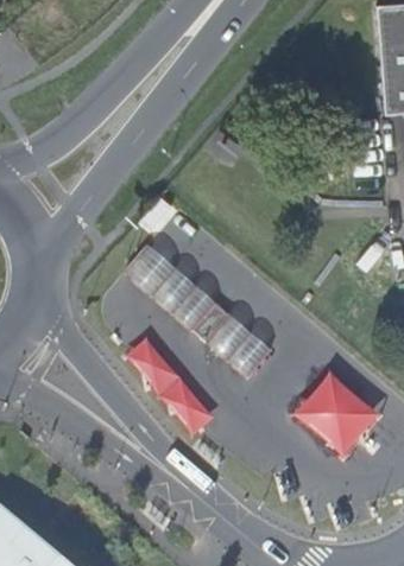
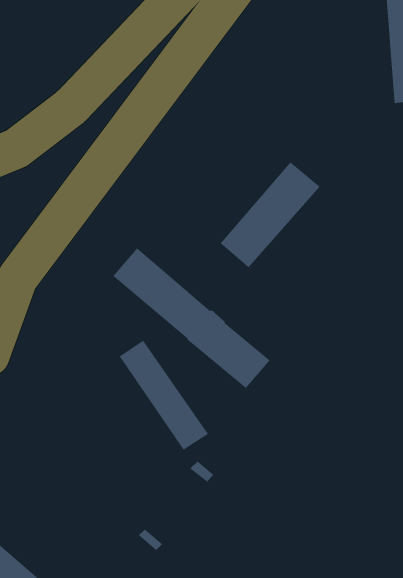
building: none -> [220,161,320,268]
building: [296,371,383,453] -> none

